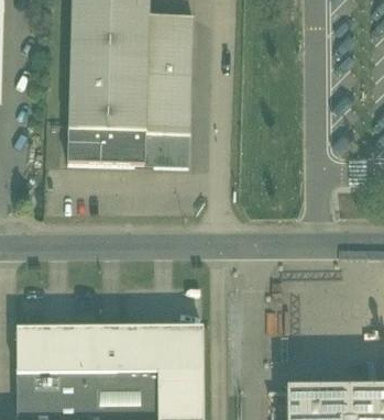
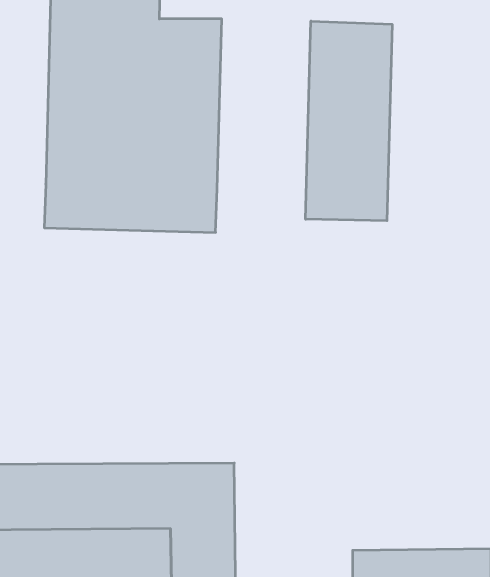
building: none -> [306,21,392,221]

